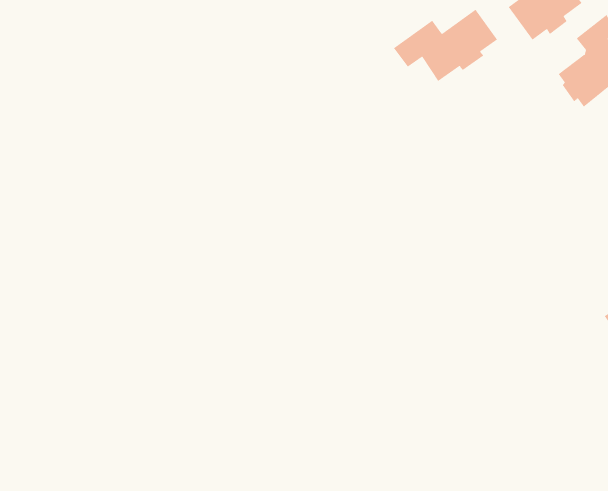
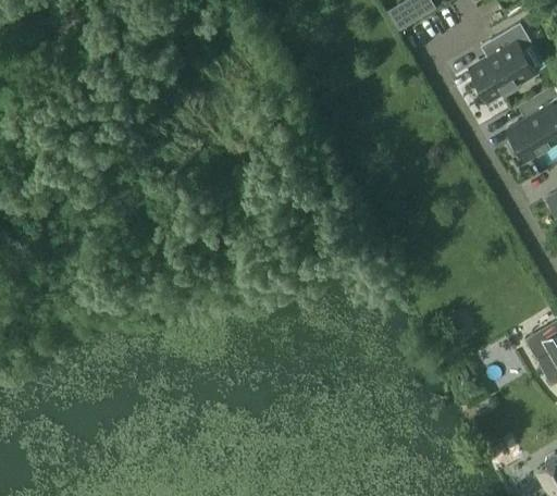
building: [393,9,498,82] -> none

